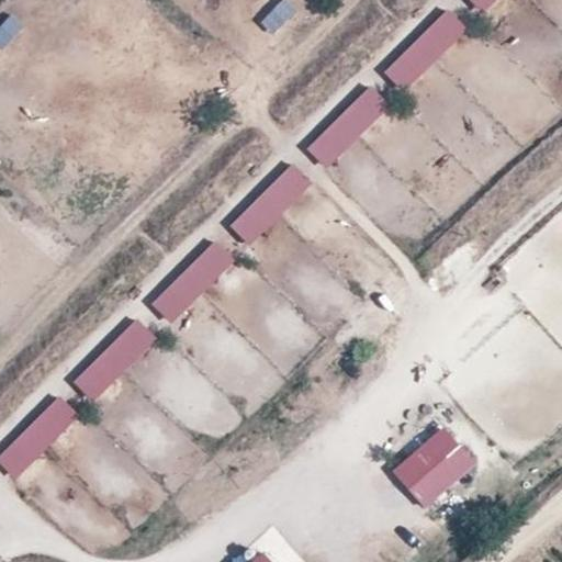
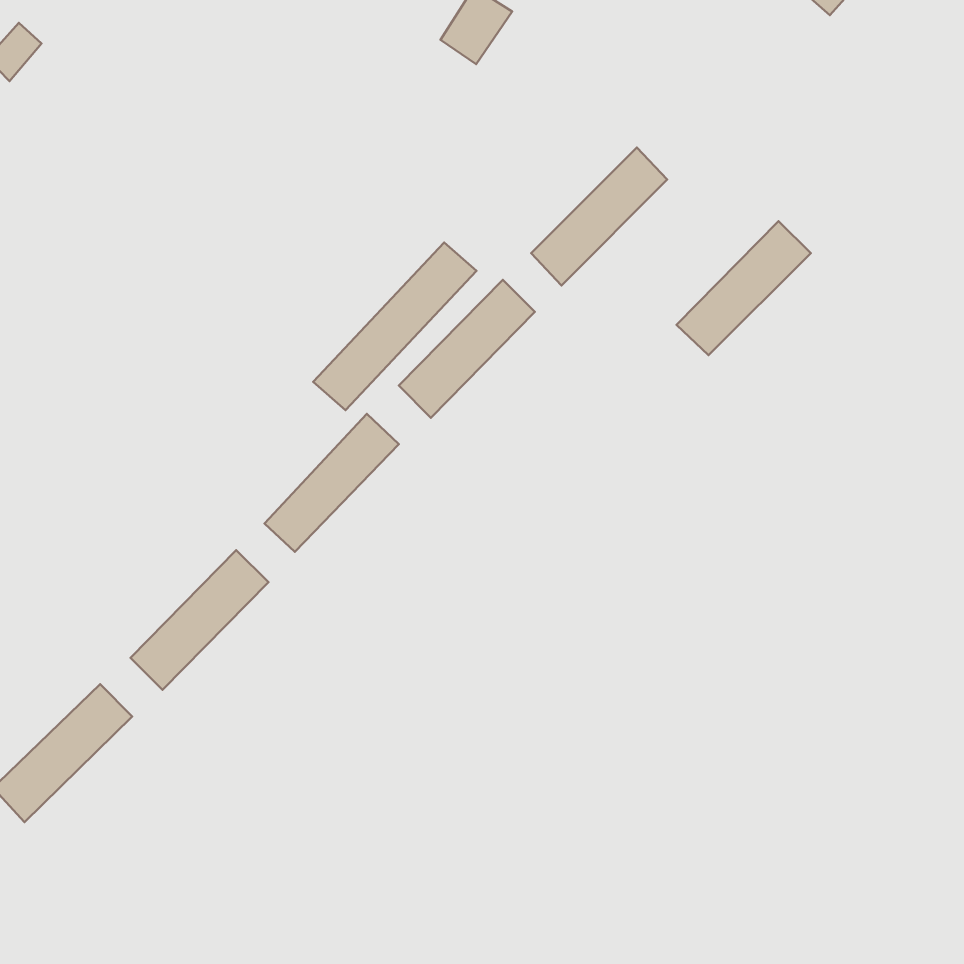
building: [386,10,464,88] -> [677,221,811,355]
building: none -> [313,243,477,410]
building: [394,426,475,507] -> none

